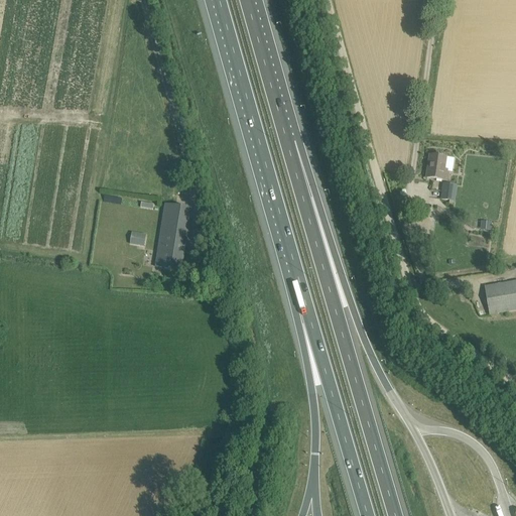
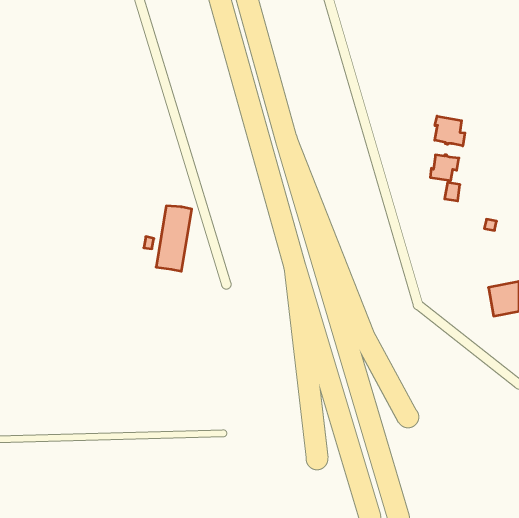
building: none -> [435,116,465,146]

